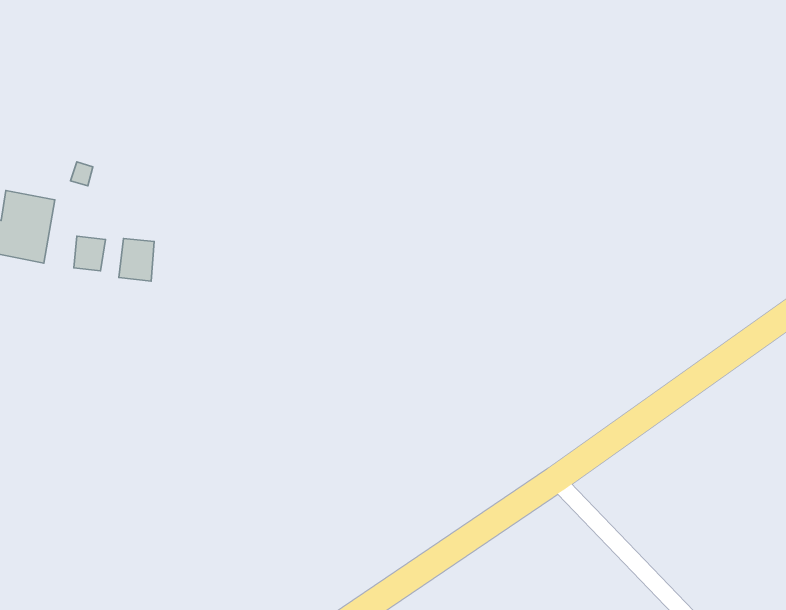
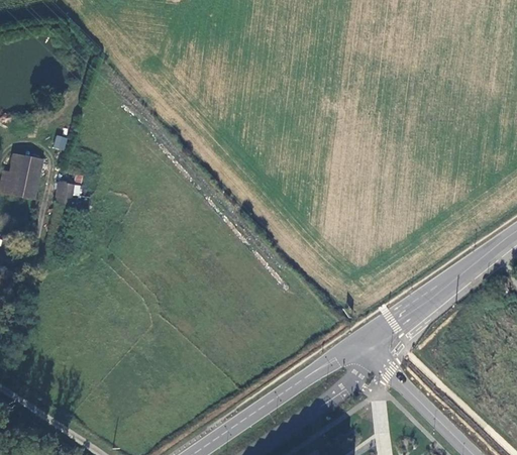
building: [119,238,154,281] -> none

